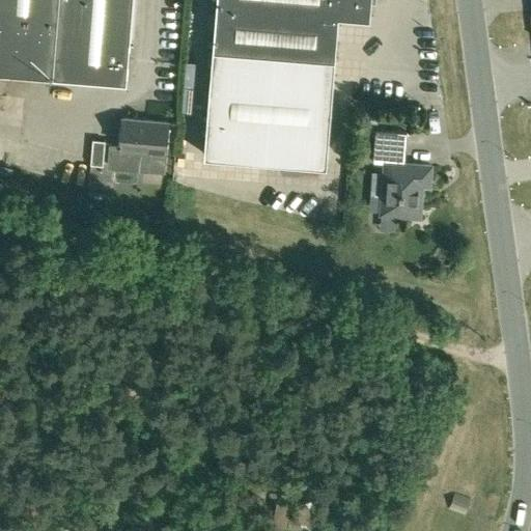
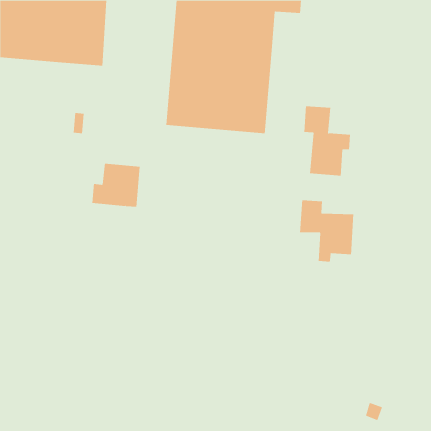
building: [107,119,167,173] -> [92,163,141,207]
building: none -> [300,200,354,262]

